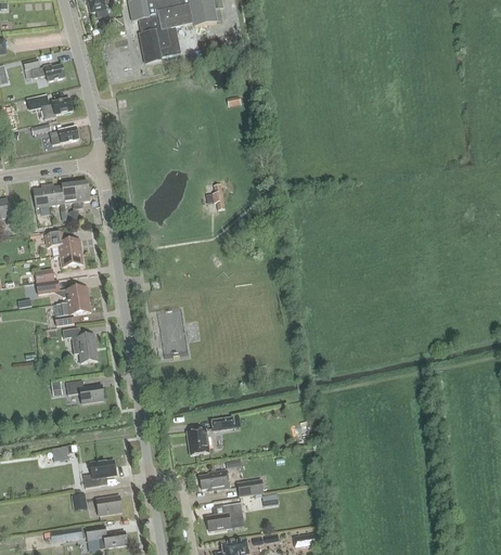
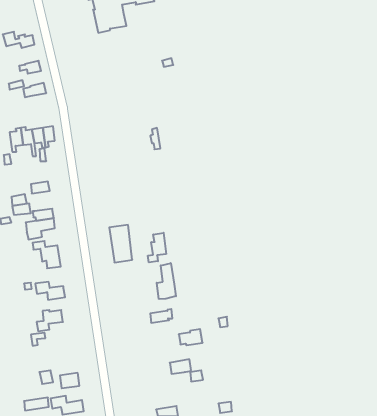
building: [43,231,80,255] -> none
building: none -> [148,233,166,262]
building: none -> [157,263,176,299]
building: [185,428,207,454] -> none
building: [81,460,115,487] -> [37,310,63,331]
building: [197,469,228,490] -> [179,329,203,345]
building: [205,502,241,531] -> none

